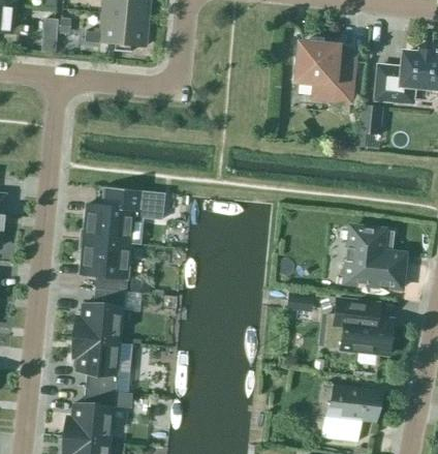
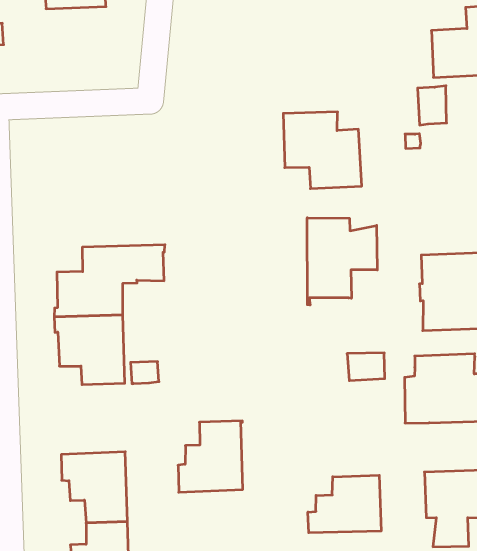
building: [85,13,148,53] -> none
building: [300,42,356,102] -> [283,112,362,189]
building: none -> [307,218,377,305]
building: [72,289,125,341] -> [178,421,243,492]
building: none -> [308,475,381,533]

